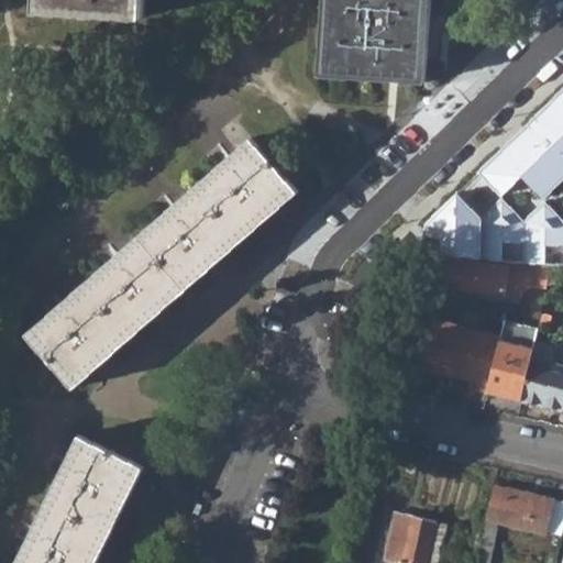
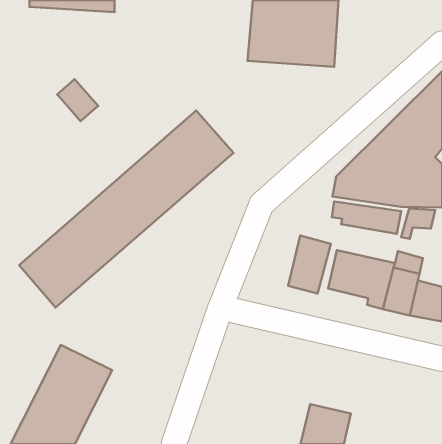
building: none -> [57,79,98,121]
building: none -> [288,236,331,293]
building: [486,484,554,534] -> none

